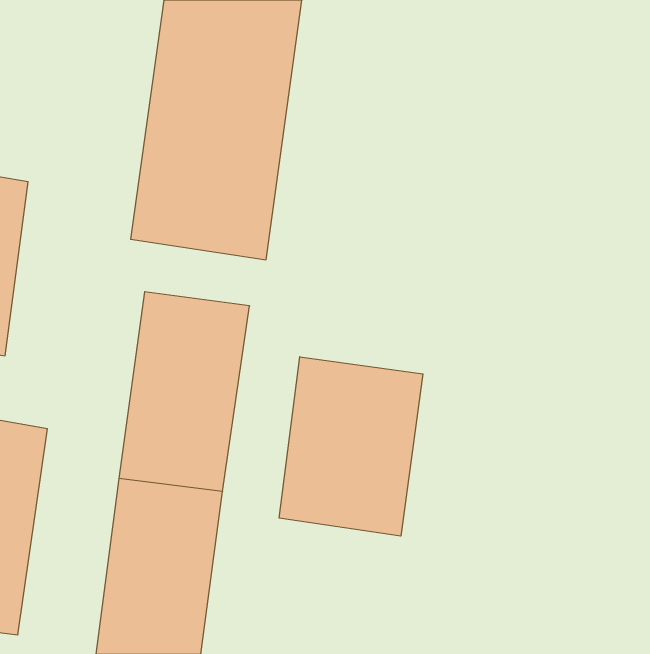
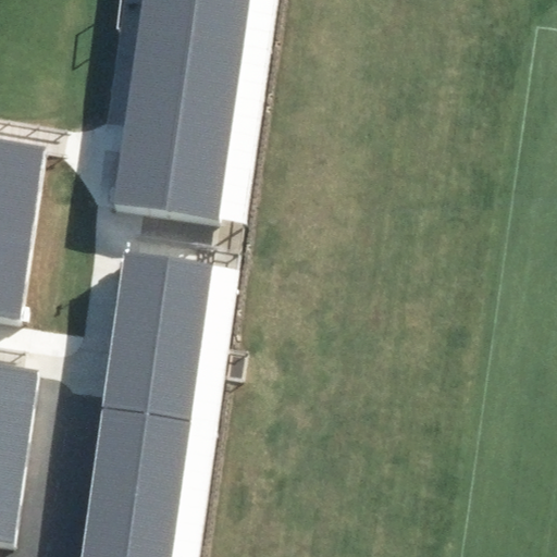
building: [279,357,423,536] -> none

